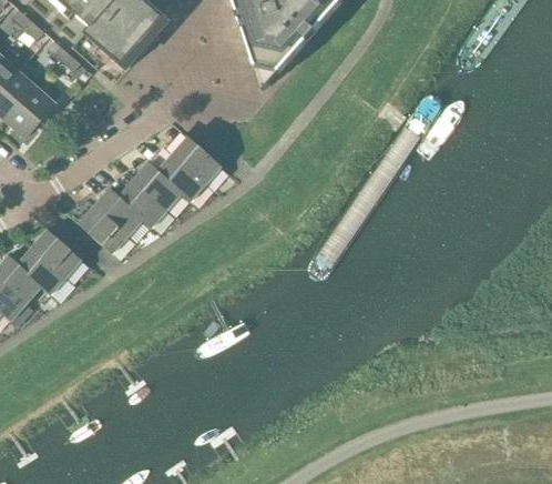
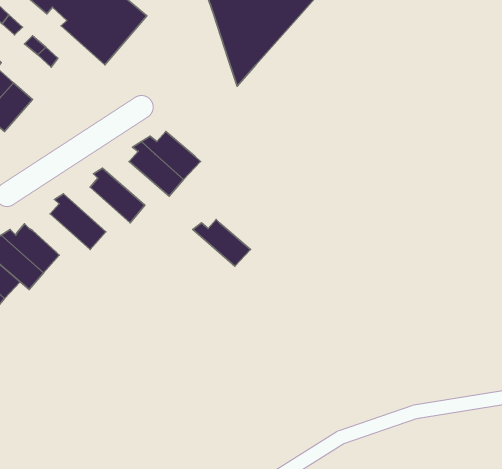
building: [124,163,182,210] -> [193,220,251,266]
building: [85,189,143,236] -> none

